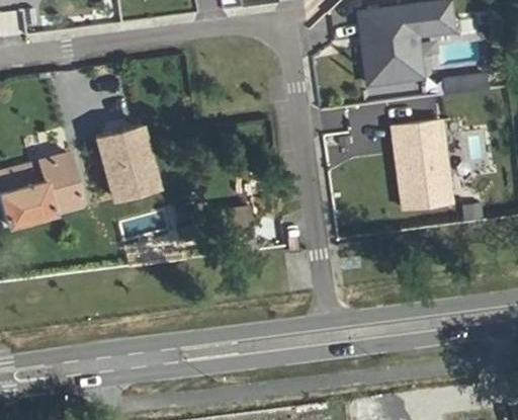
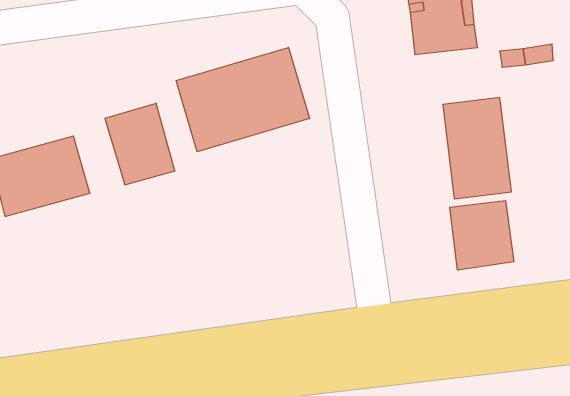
building: none -> [176,47,310,152]
building: none -> [450,201,514,270]

